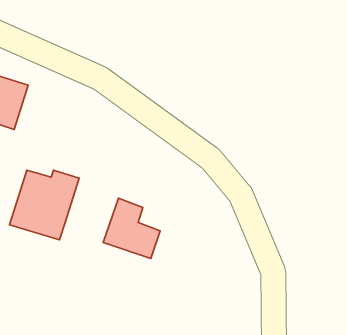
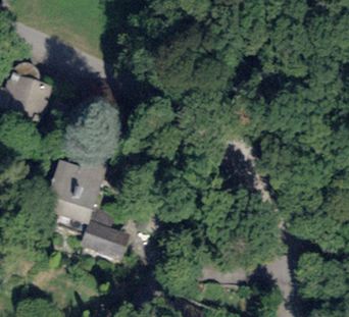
building: [103,198,160,259] -> [79,205,129,258]

